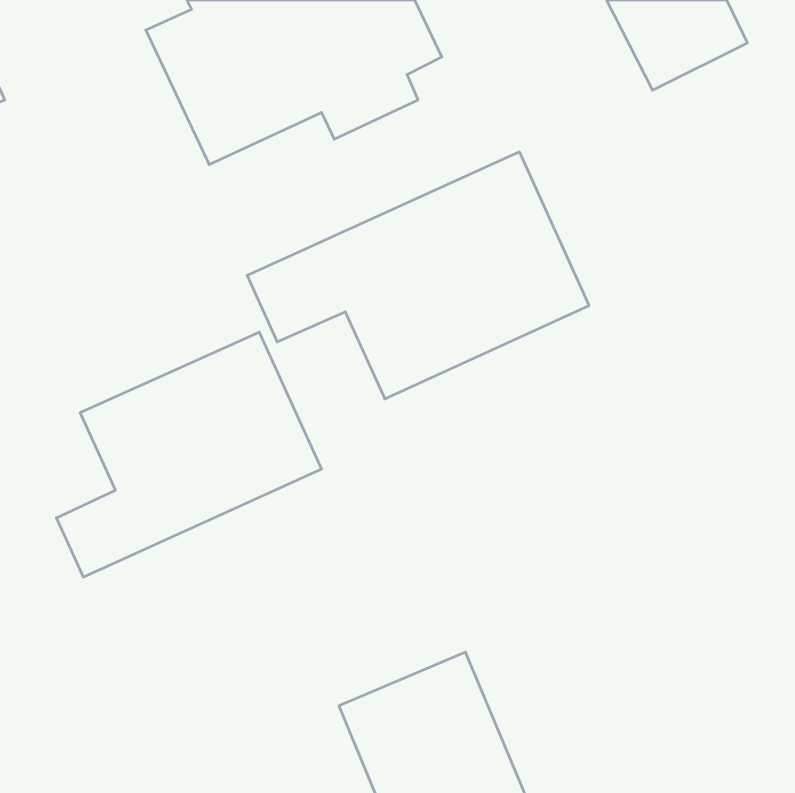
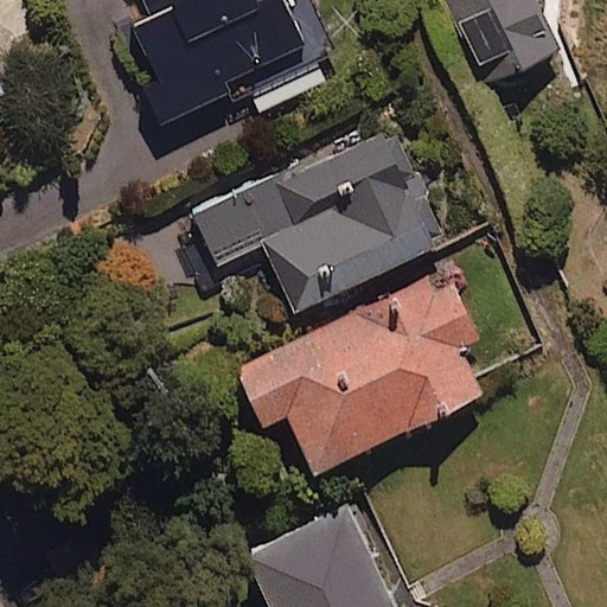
building: [56,332,321,577] -> none
building: none -> [236,269,478,471]

